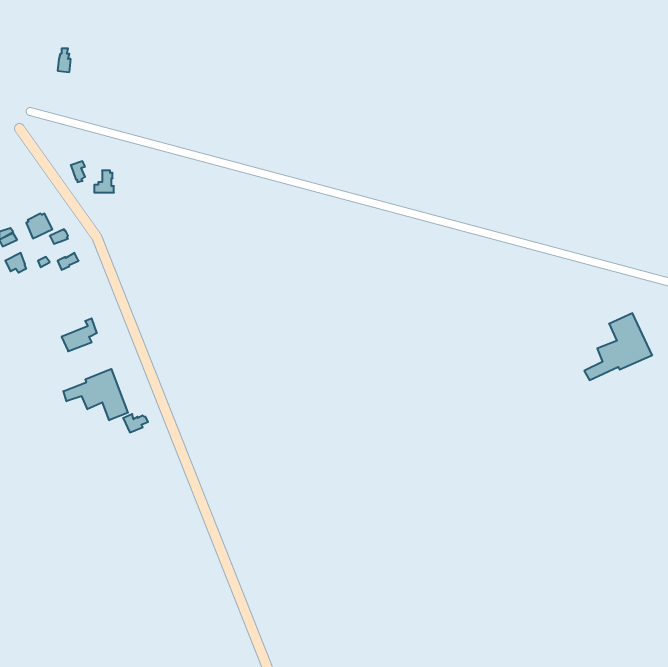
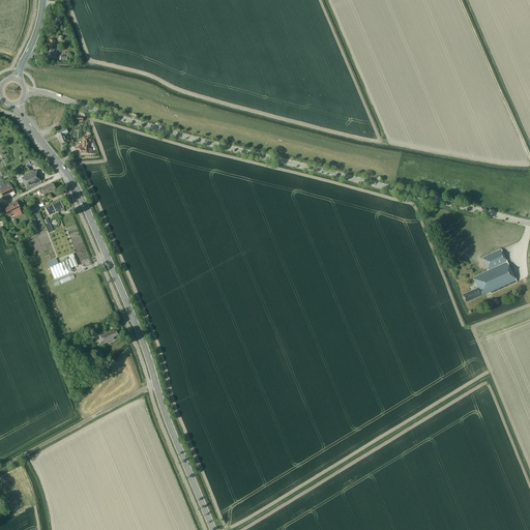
building: [63,369,128,420] -> none

